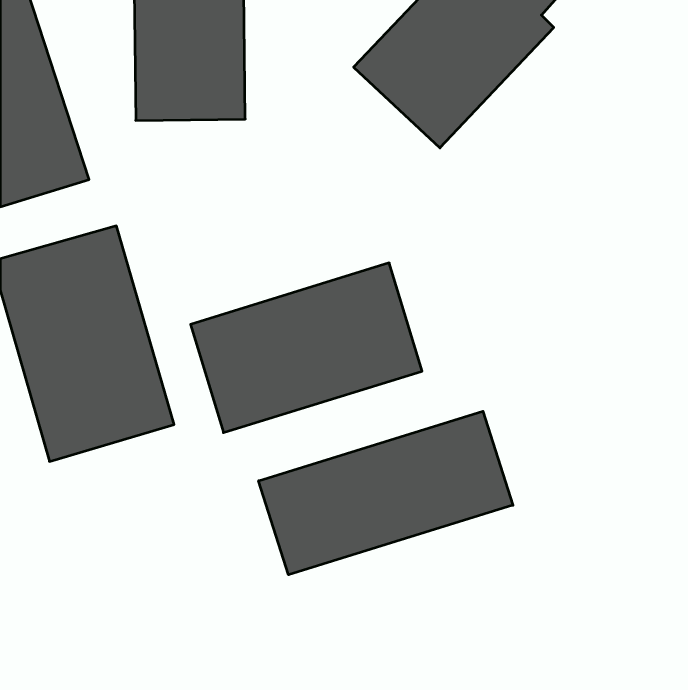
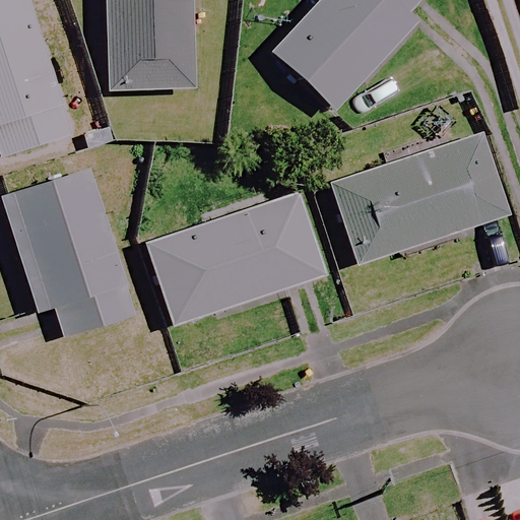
building: none -> [330,132,508,263]
building: [259,411,513,575] -> none

